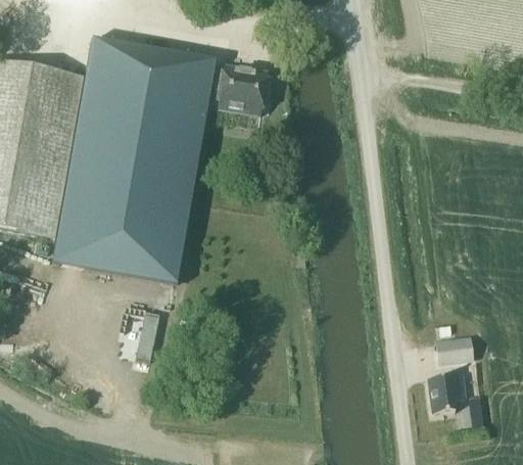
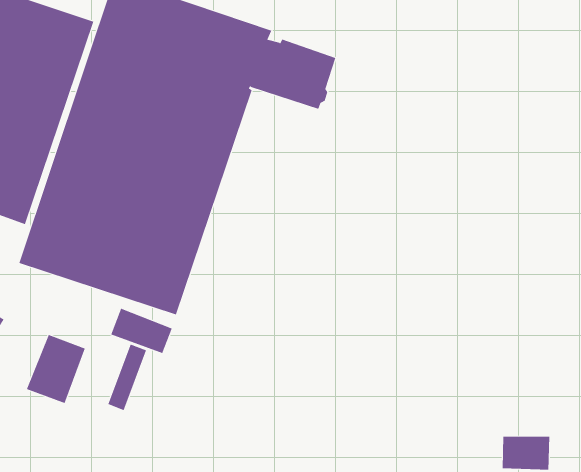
building: none -> [111,308,172,354]
building: none -> [26,334,85,404]

